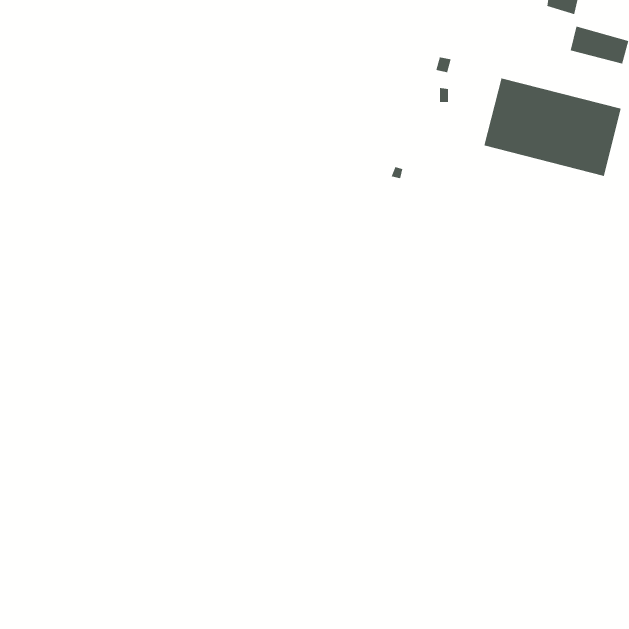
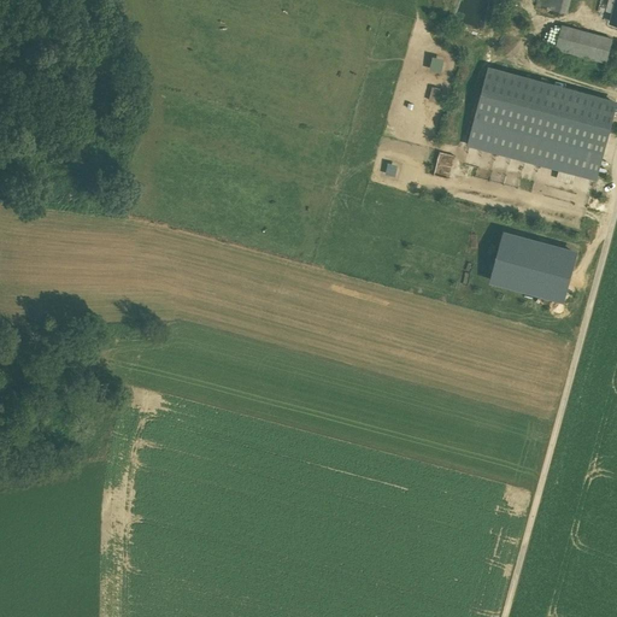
building: none -> [490,234,574,299]

